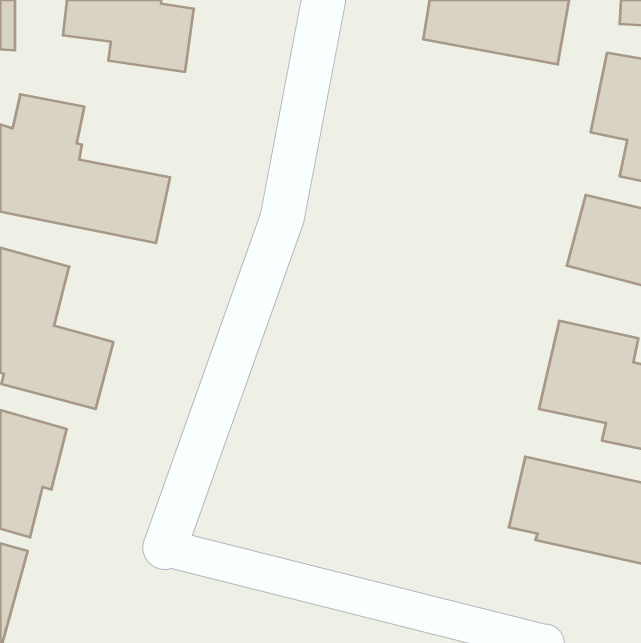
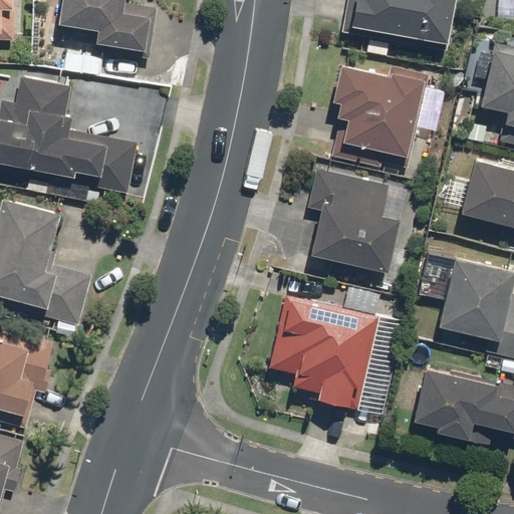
building: none -> [326,63,430,169]
building: none -> [304,167,408,274]
building: none -> [265,294,393,410]

